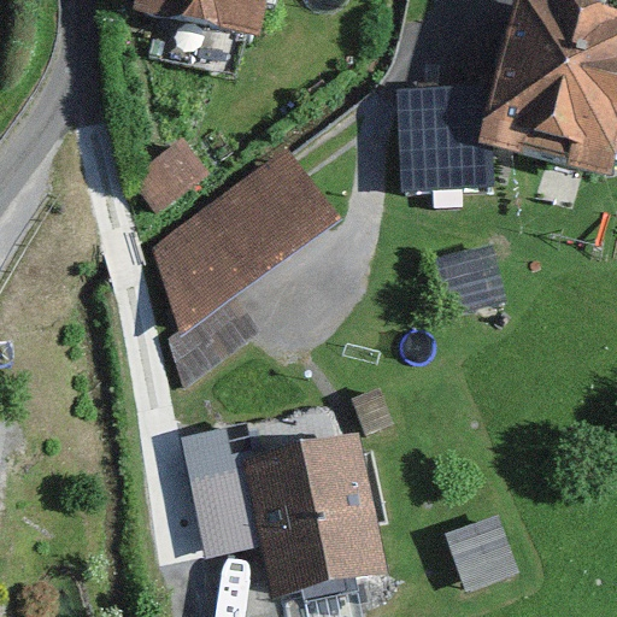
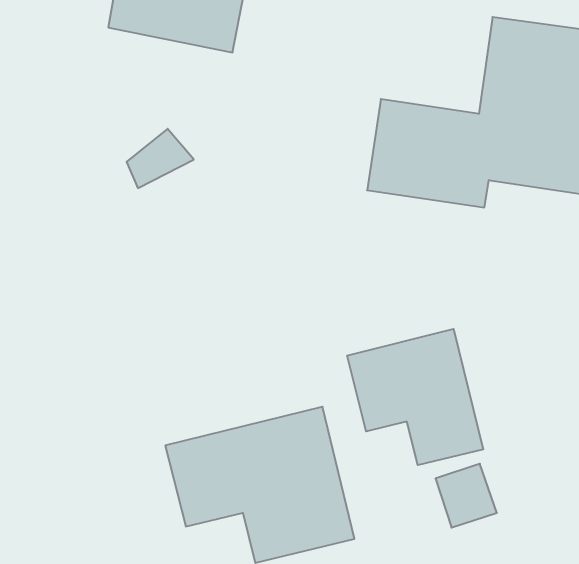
building: [158,148,335,369] -> none
building: none -> [347,329,483,465]

